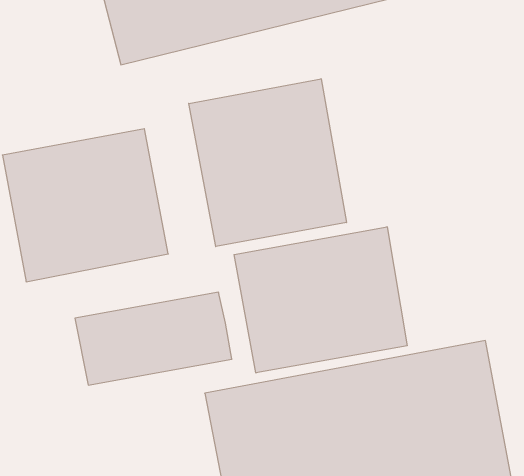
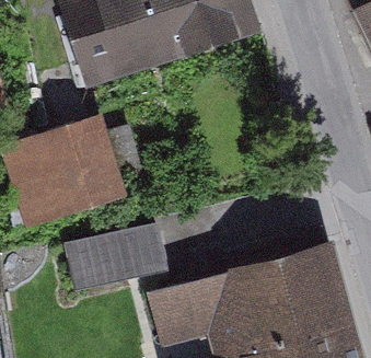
building: [189,79,346,247] -> none
building: [234,227,407,373] -> none

